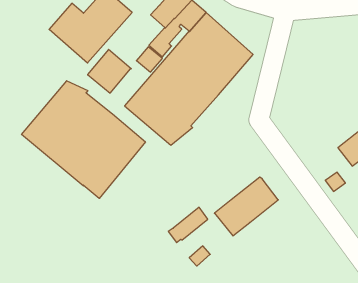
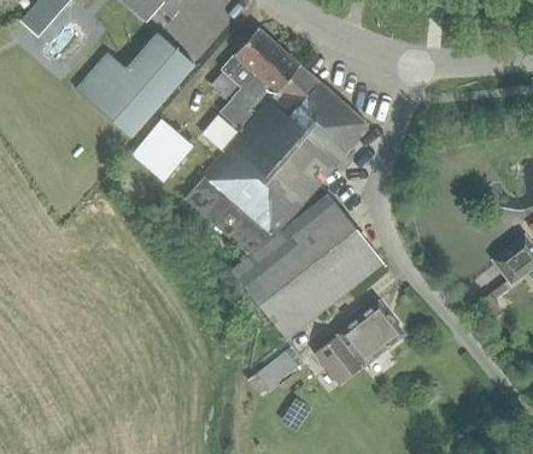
building: [22,81,145,198] -> none
building: none -> [232,194,383,340]

